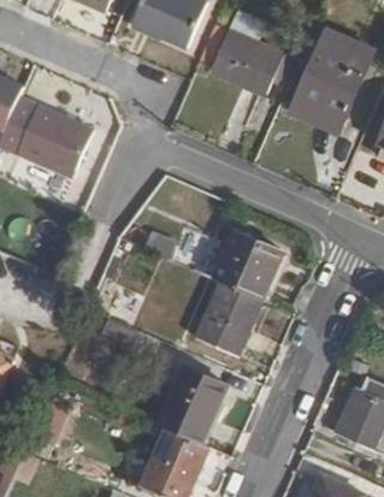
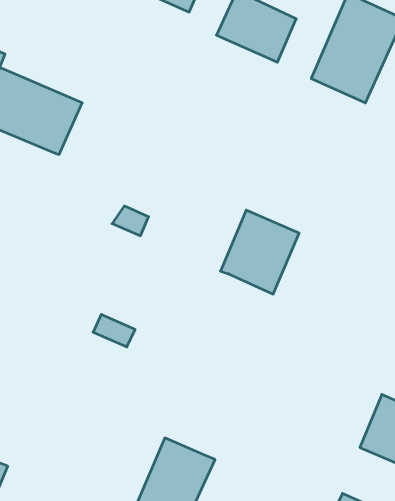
building: [197,280,261,354] -> none
building: [161,366,226,442] -> none

